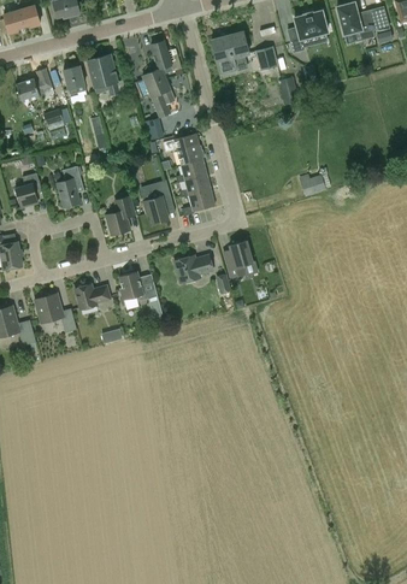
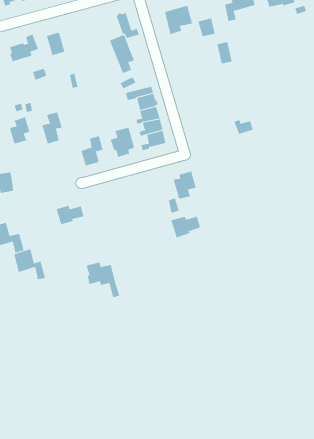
building: [87,54,120,95] -> none
building: [175,255,213,283] -> [170,216,201,238]
building: [119,271,163,317] -> [86,262,120,298]
building: [35,293,76,332] -> [14,249,46,280]

